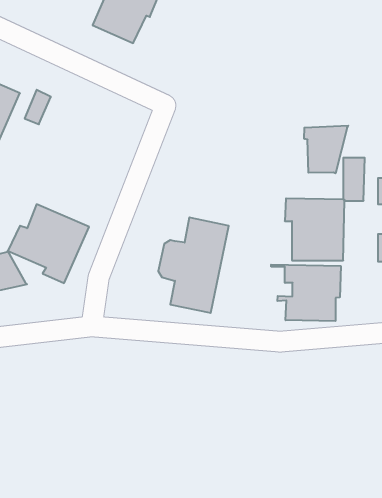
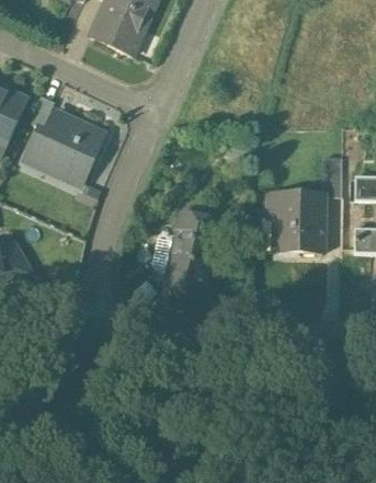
building: [304,126,348,173] -> none
building: [8,204,89,283] -> [29,111,103,183]
building: [271,265,341,321] -> none

